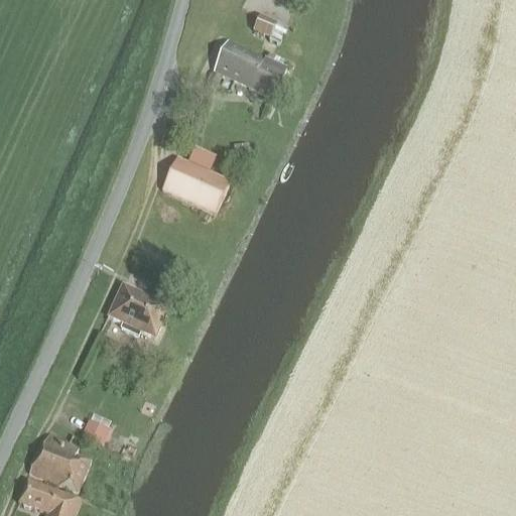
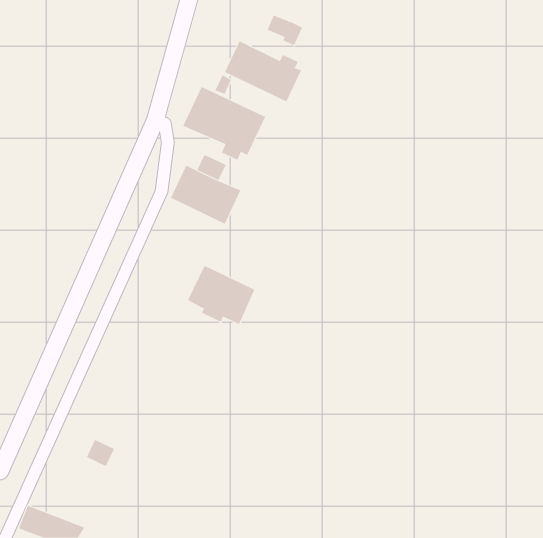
building: none -> [182,86,266,161]
building: [106,281,170,338] -> [187,265,255,325]
building: [28,432,92,491] -> none

